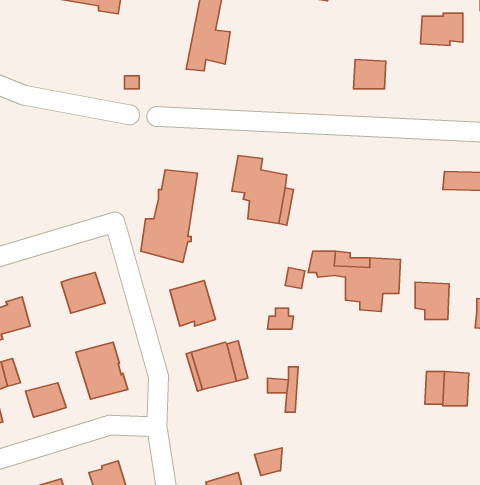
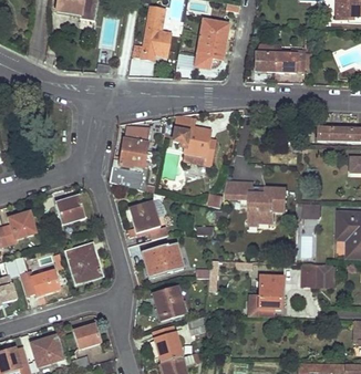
building: none -> [195,19,228,67]
building: [421,13,463,46] -> [276,50,305,72]
building: none -> [251,261,282,309]
building: none -> [153,285,185,319]

